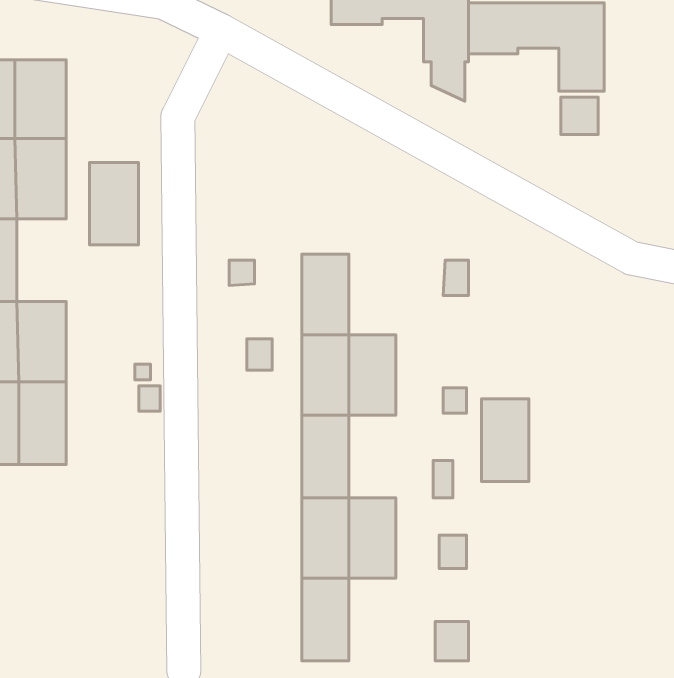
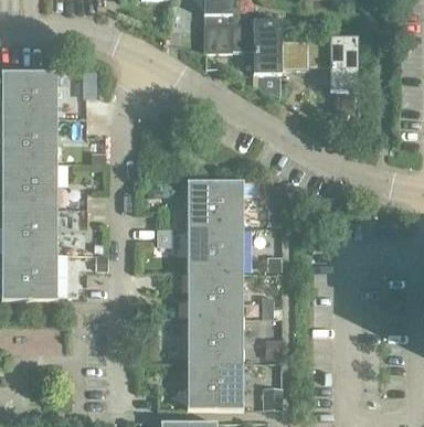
building: [90,163,139,245] -> [28,161,55,207]
building: none -> [214,181,241,226]
building: [482,399,529,481] -> [214,271,241,318]
building: none -> [214,363,241,409]

